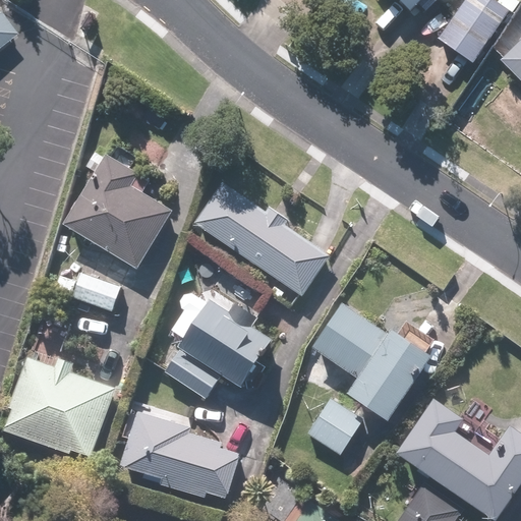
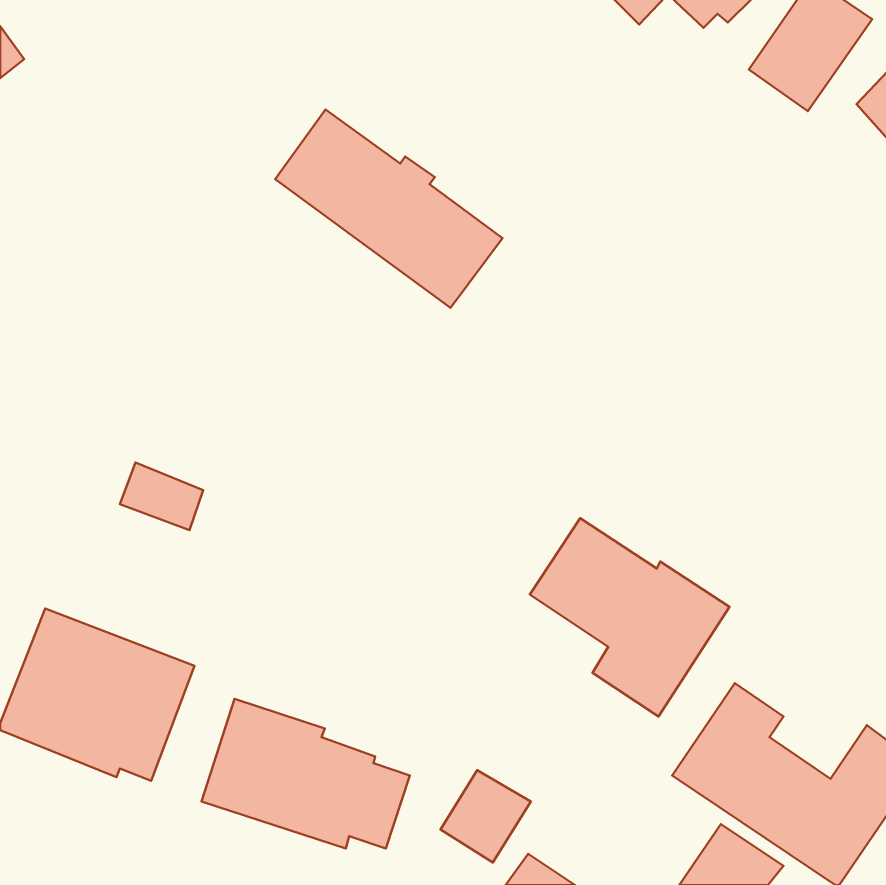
building: [63,154,168,265] -> none
building: [194,180,328,296] -> [275,109,503,308]
building: [165,300,271,394] -> none
building: [310,399,363,453] -> [441,770,531,862]

